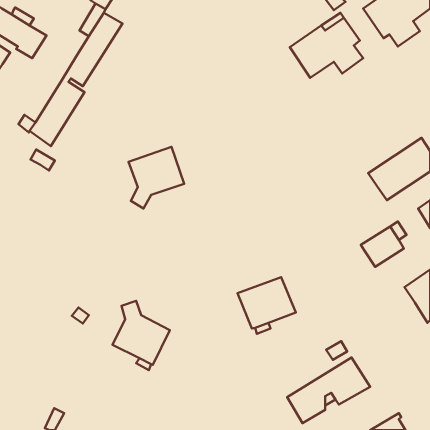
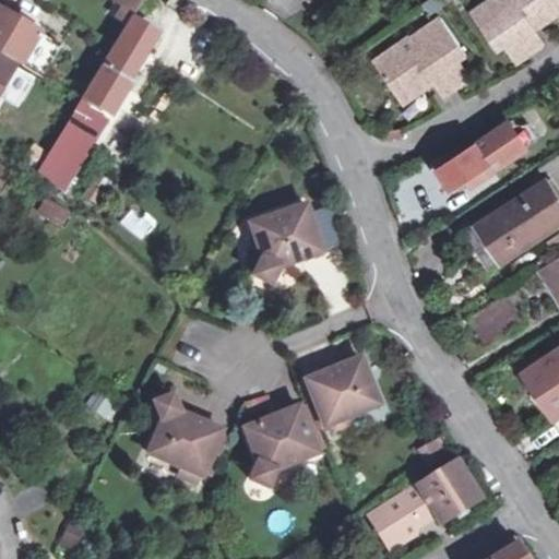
building: none -> [438,122,524,186]
building: [128,147,184,208] -> [249,206,321,286]
building: none -> [245,405,318,488]

